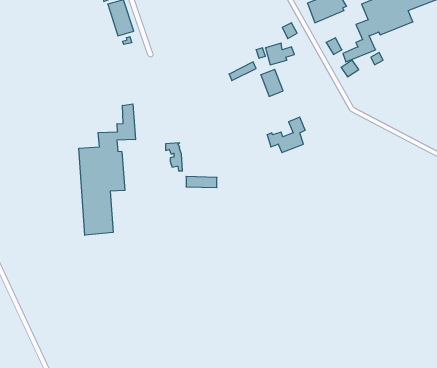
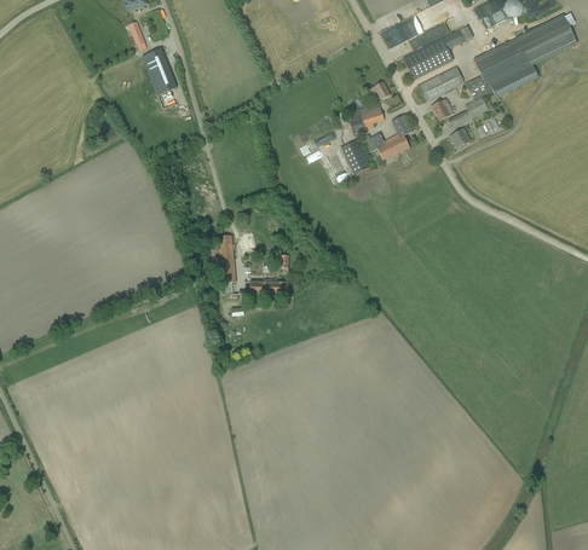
building: none -> [421,64,465,98]
building: [79,104,135,235] -> none
building: [267,117,305,153] -> [363,112,413,158]

